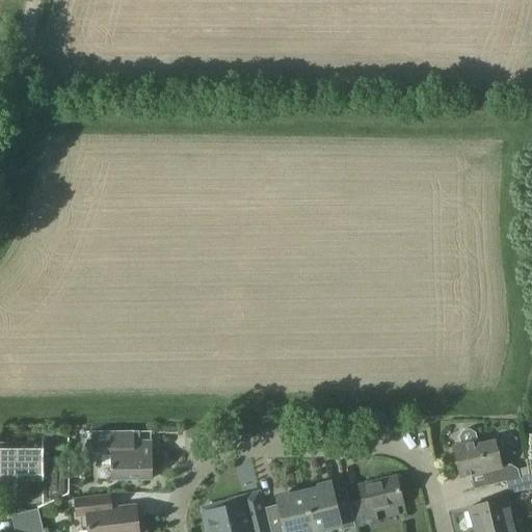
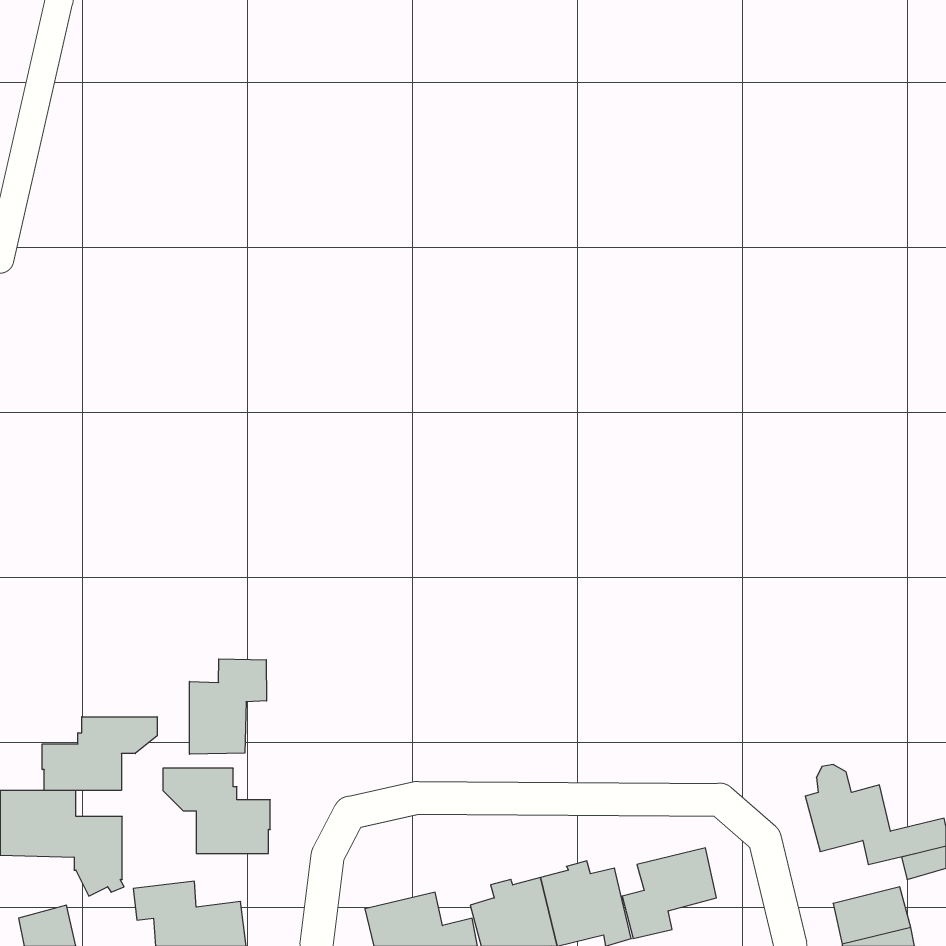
building: none -> [190,659,267,754]
building: none -> [42,717,157,790]

